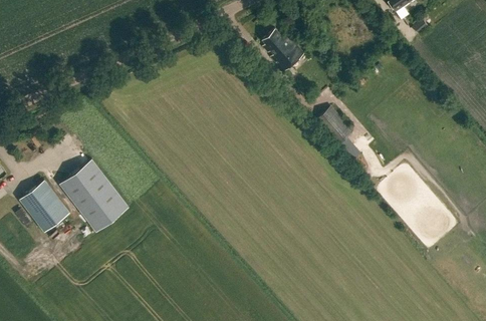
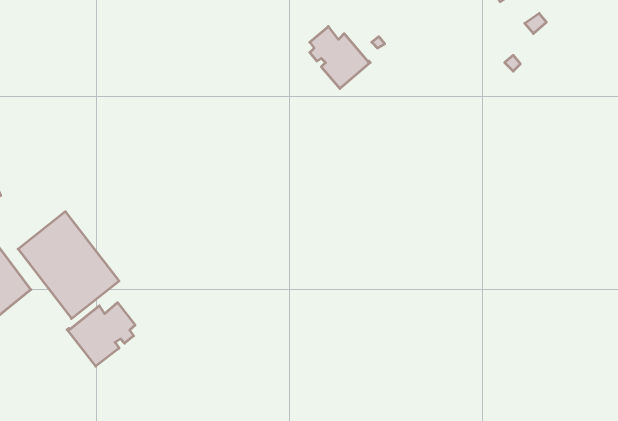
building: [316,108,359,160] -> none
building: none -> [67,303,135,366]

